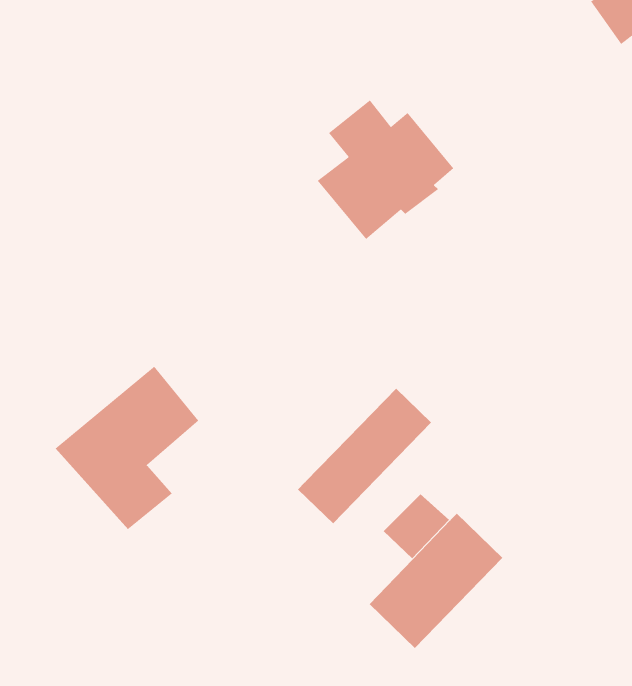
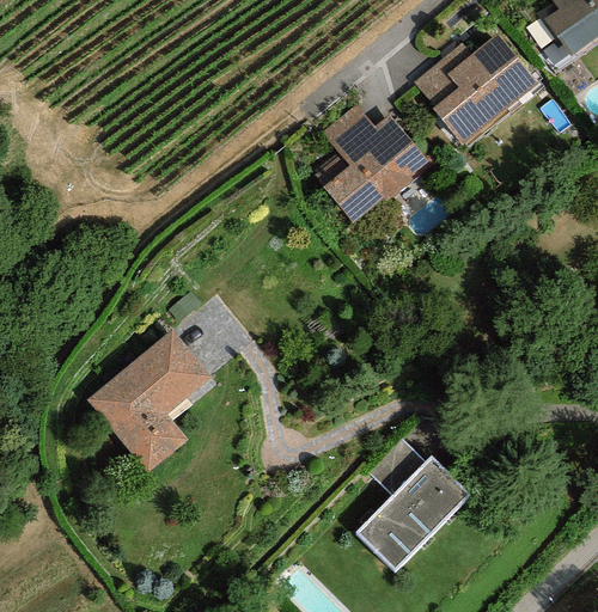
building: none -> [414,33,538,146]
building: [297,388,432,524] -> none

